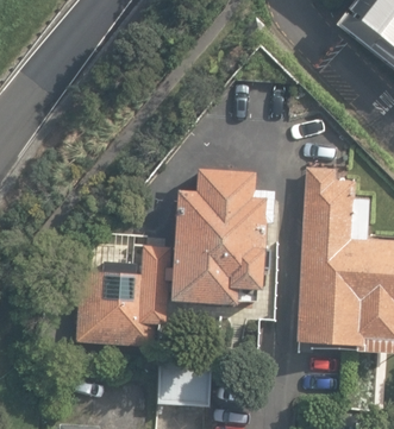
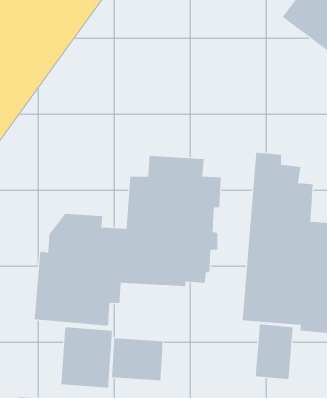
building: none -> [255,324,293,380]
building: none -> [61,327,113,389]

